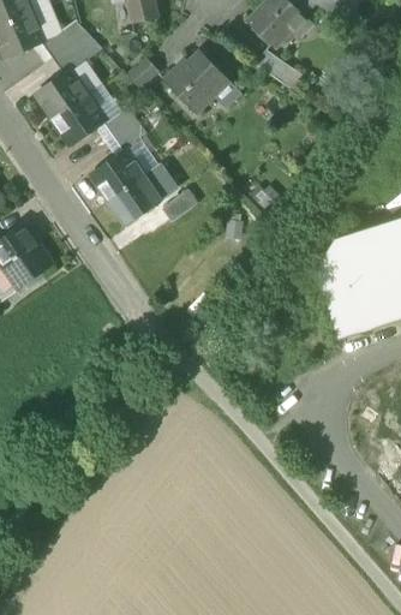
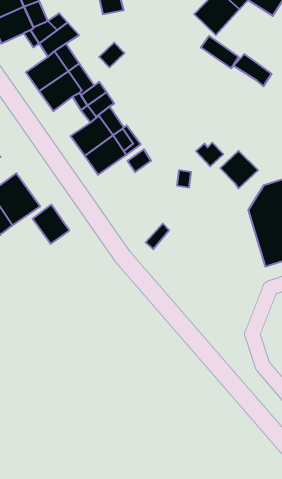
building: [164,52,238,112] -> none
building: none -> [234,54,271,86]
building: none -> [220,151,258,188]
building: none -> [33,205,69,244]

